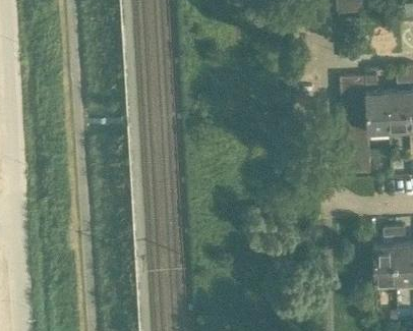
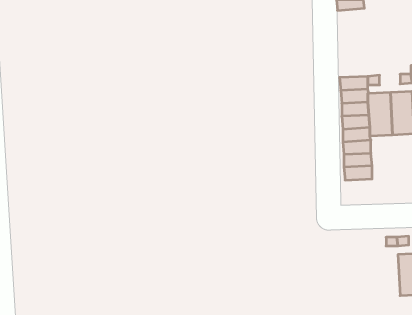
building: [373,245,397,285] -> none

